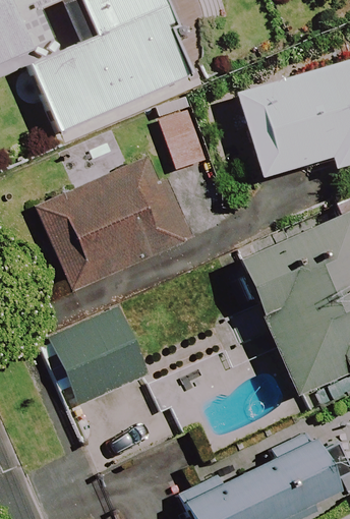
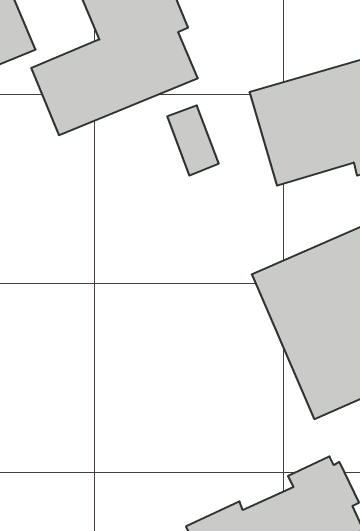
building: [39,158,195,293] -> none
building: [51,309,147,404] -> none

